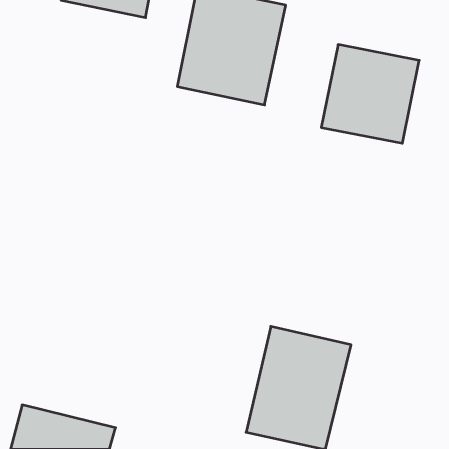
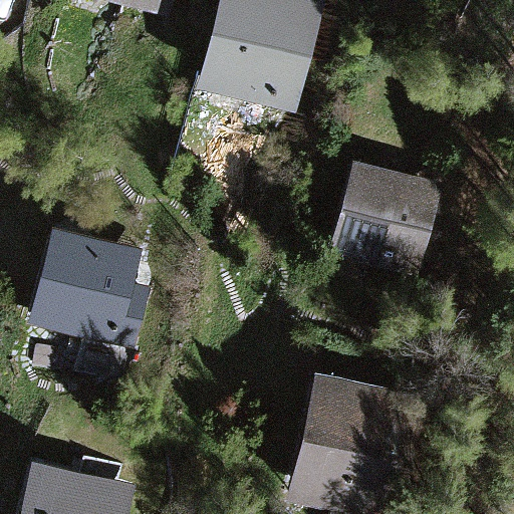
building: [321,45,419,143] -> [329,159,441,271]
building: none -> [43,239,151,344]

